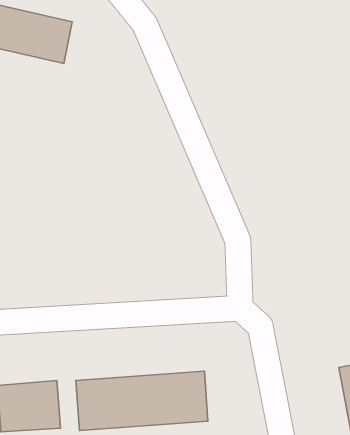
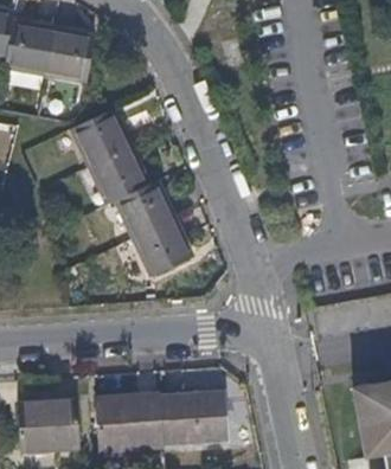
building: none -> [71,110,190,277]

